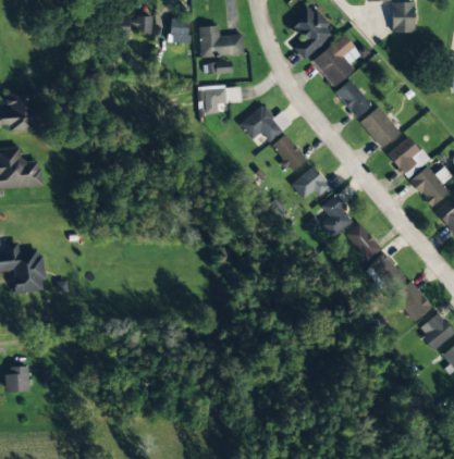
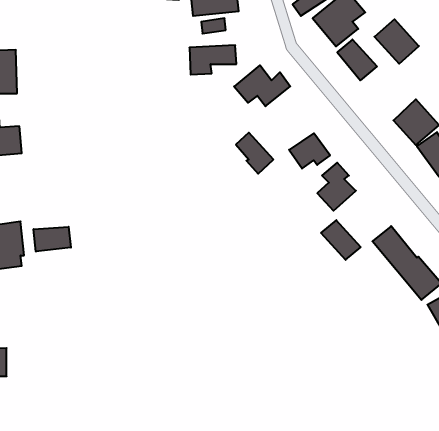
building: [359,106,401,147] -> [374,19,419,64]
building: [272,134,307,172] -> [236,133,273,174]
building: [345,223,382,260] -> [321,220,361,260]
building: none -> [34,227,71,252]

